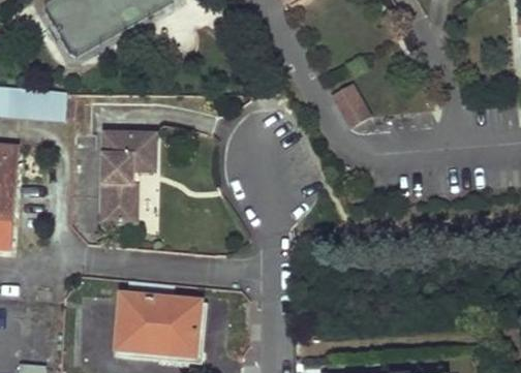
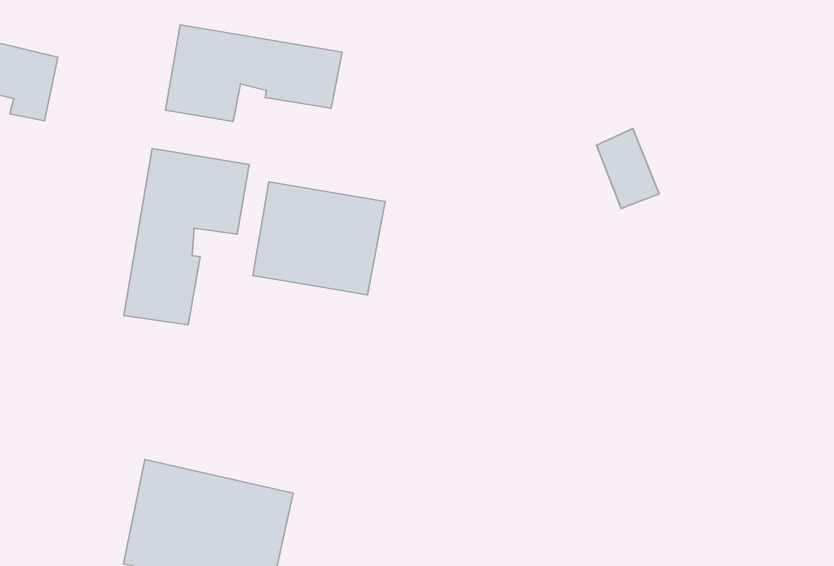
building: none -> [165,25,342,121]
building: none -> [253,182,385,295]

